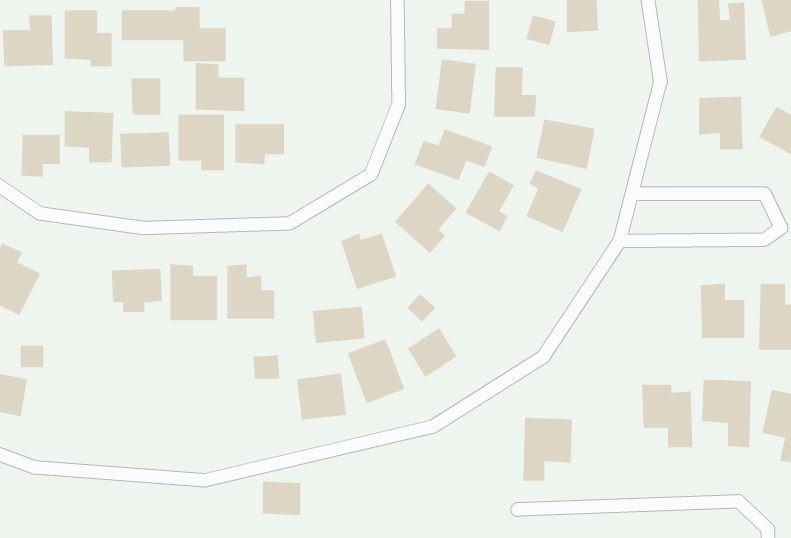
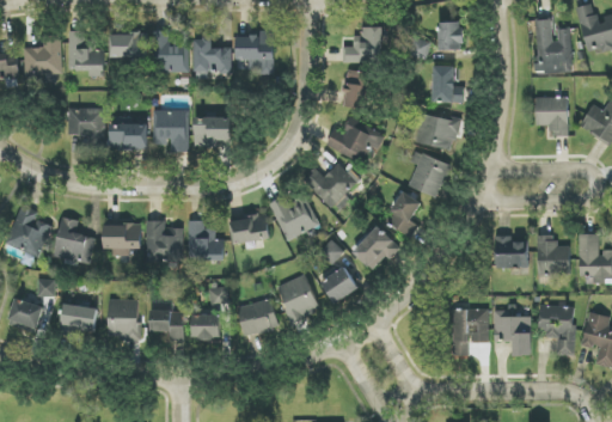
building: none -> [235,32,274,74]
building: [195,63,245,111] -> [194,37,231,73]
building: [493,67,537,117] -> [432,66,464,103]
building: [131,77,161,115] -> none
building: [21,134,60,177] -> none
building: [464,170,515,232] -> [384,191,421,237]
building: none -> [53,218,94,264]
building: none -> [351,226,399,270]
building: none -> [494,236,527,268]
building: [312,306,366,343] -> [230,215,269,243]
building: none -> [108,299,139,338]
building: none -> [61,305,96,330]
building: none -> [149,310,184,341]
building: [523,418,573,481] -> [451,308,488,355]
building: [262,481,301,515] -> [191,314,220,340]

